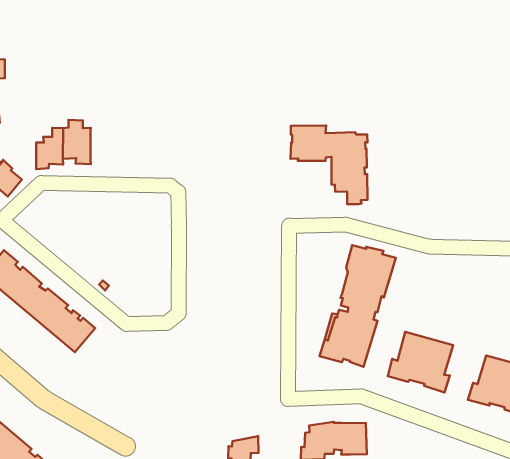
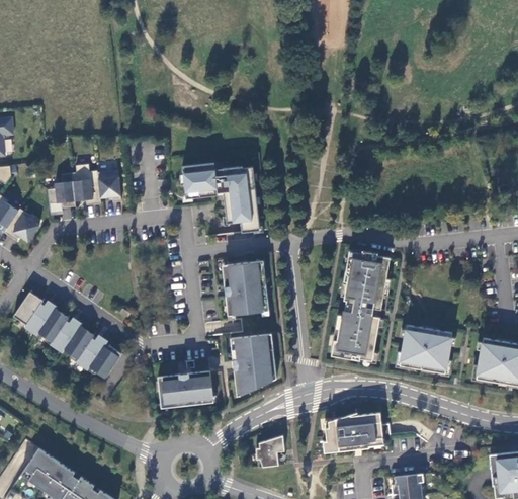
building: [290,125,367,204] -> [182,163,260,233]
building: none -> [97,170,121,202]
building: none -> [223,261,269,316]
building: none -> [231,334,277,393]
building: none -> [158,371,213,407]

